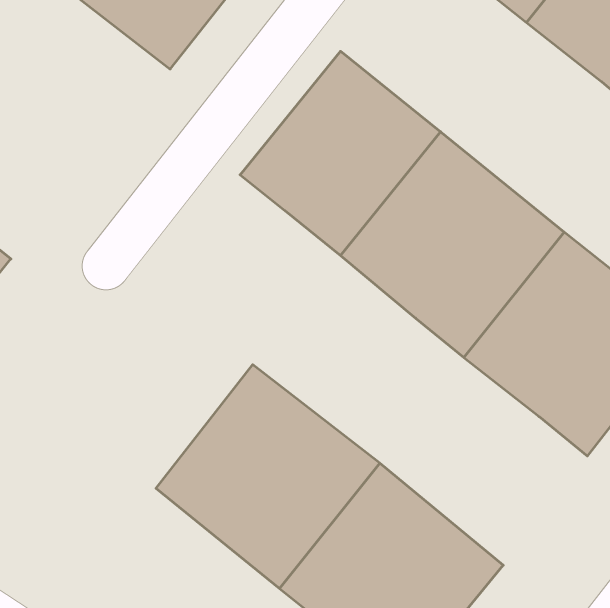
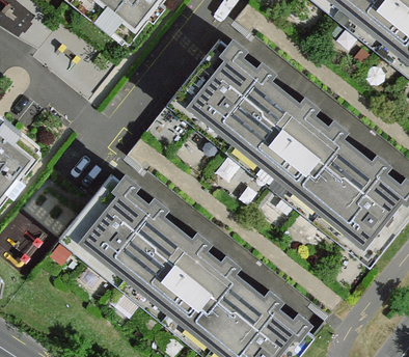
building: none -> [62,165,176,284]

